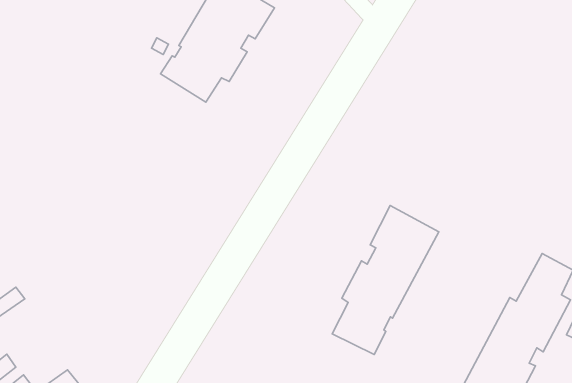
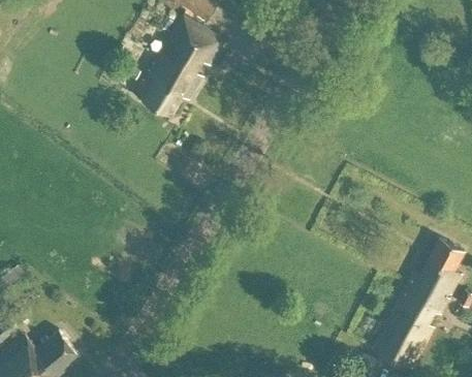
building: [332,206,439,355] -> none

